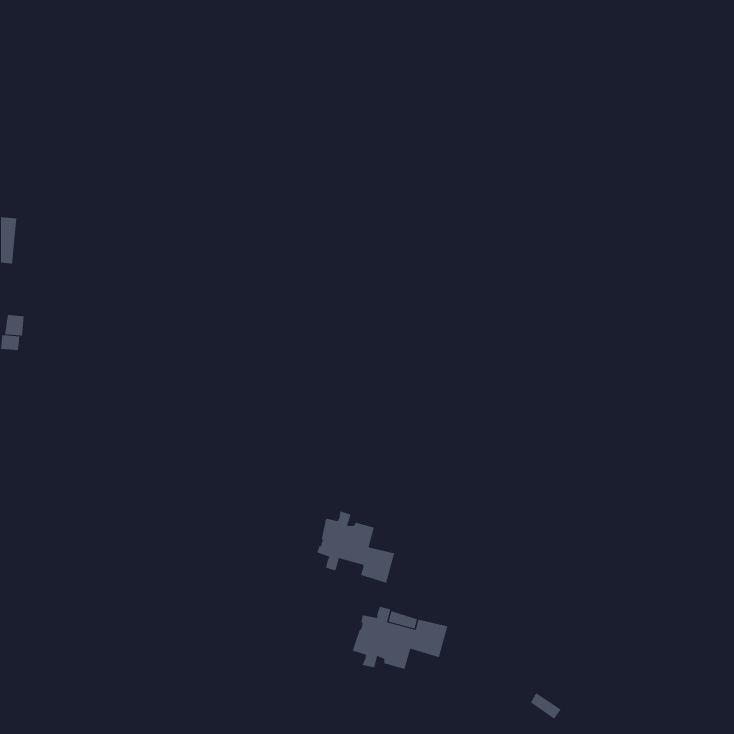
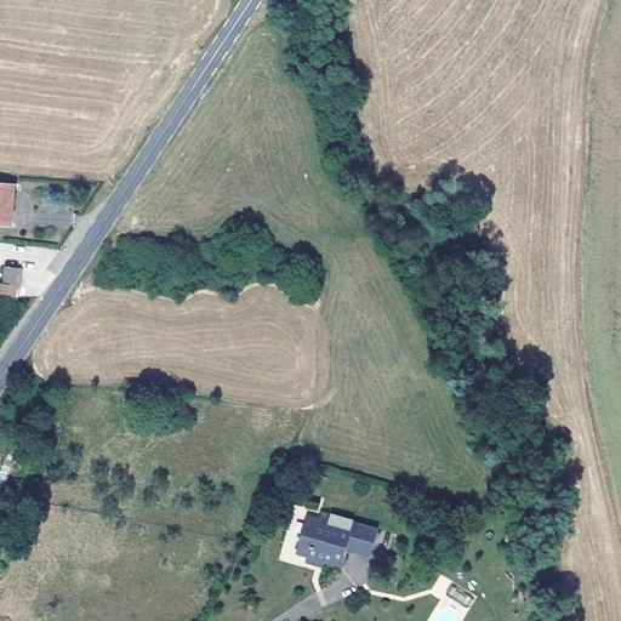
building: [317,511,395,583] -> none

